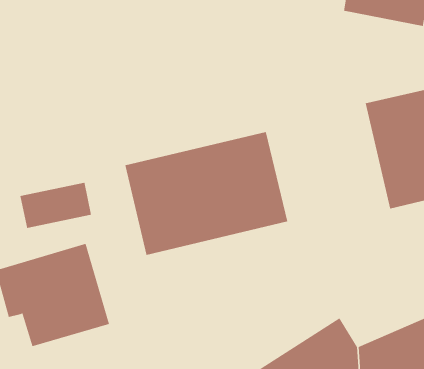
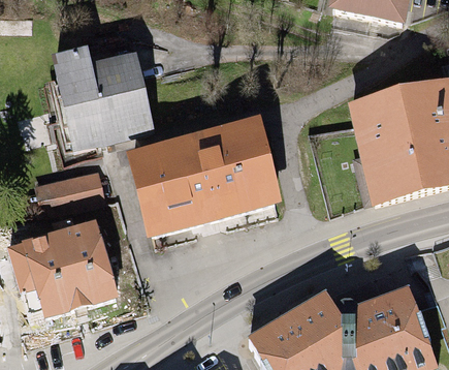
building: none -> [54,52,153,148]

